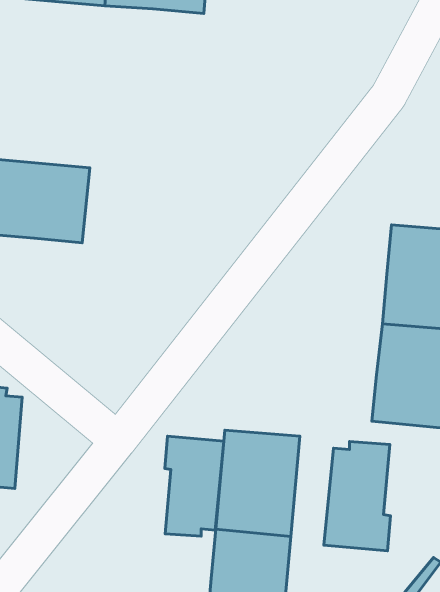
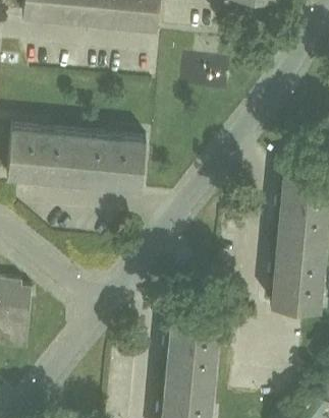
building: none -> [74,129,147,186]
building: [165,436,224,536] -> none
building: [324,442,391,551] -> none

